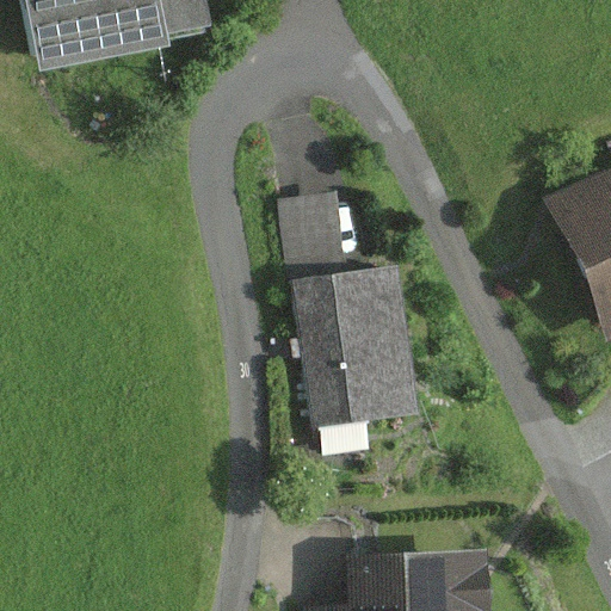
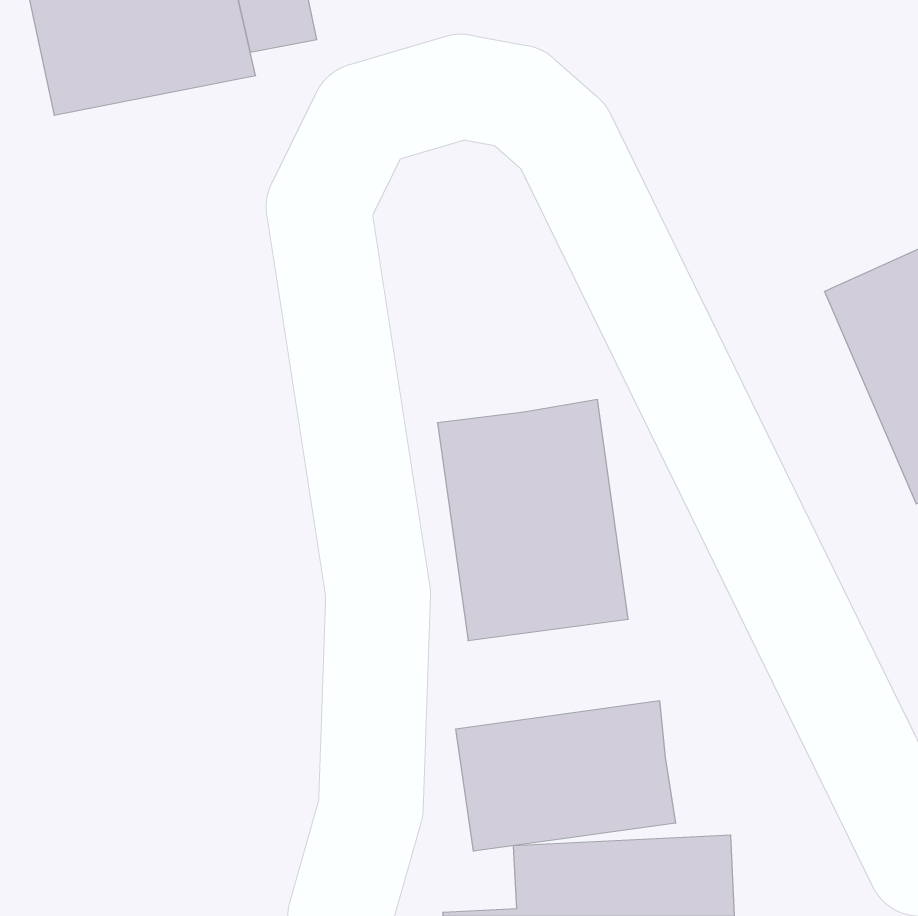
building: [280,193,348,280] -> none
building: none -> [456,701,676,851]

